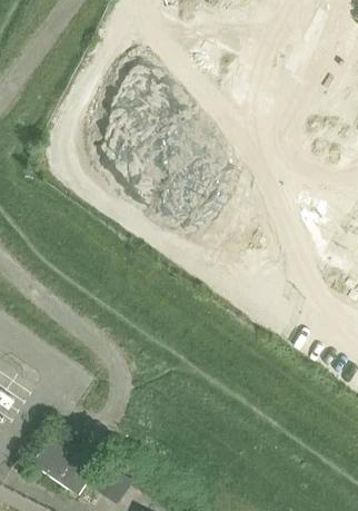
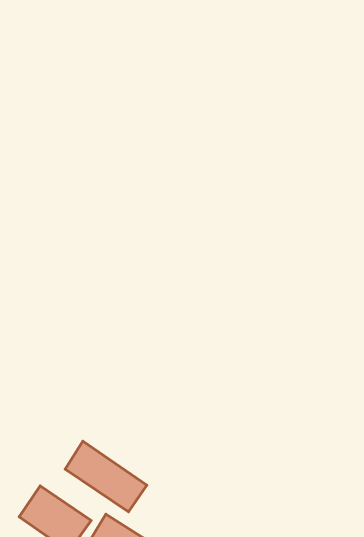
building: none -> [65,441,147,512]

